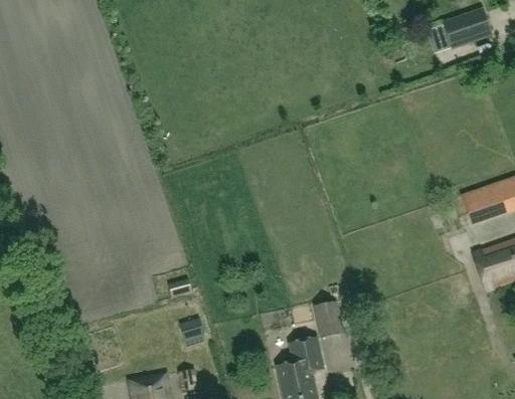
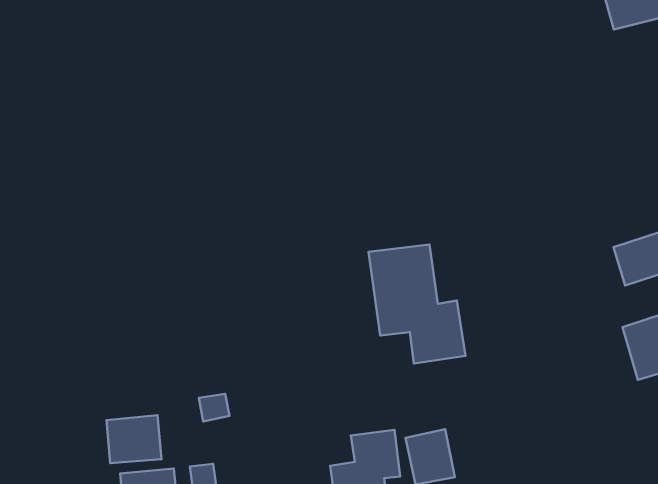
building: none -> [368,245,466,364]
building: [313,301,344,338] -> none
building: none -> [107,415,161,463]

